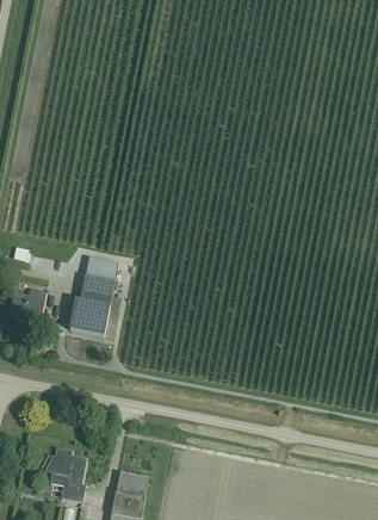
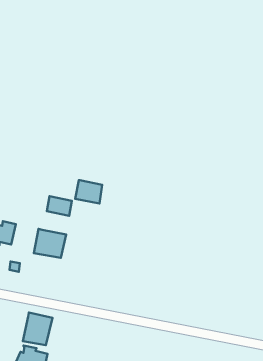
building: [80,274,114,304] -> [75,180,102,204]
building: none -> [23,313,52,345]

